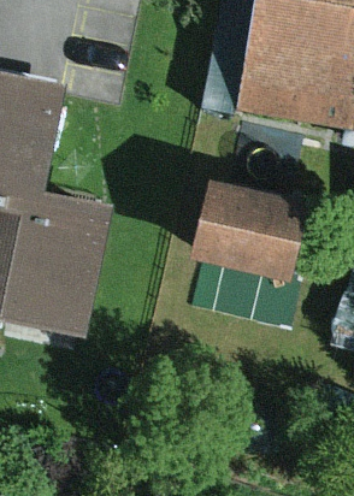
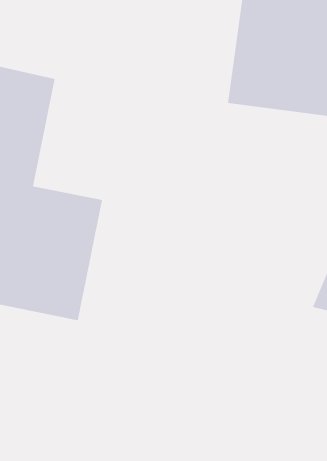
building: [179,177,301,271] -> none

